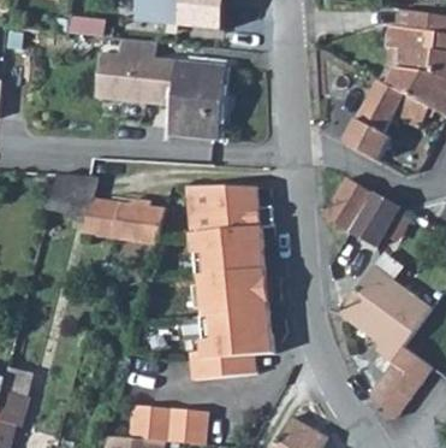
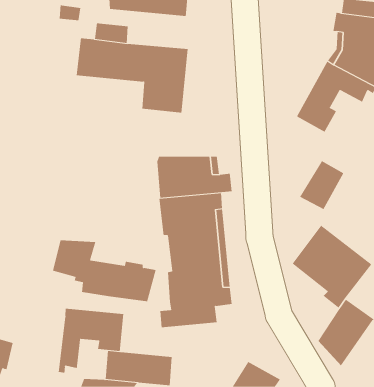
building: [48,175,165,244] -> [52,240,156,302]
building: [322,177,371,232] -> none
building: none -> [58,308,124,373]

